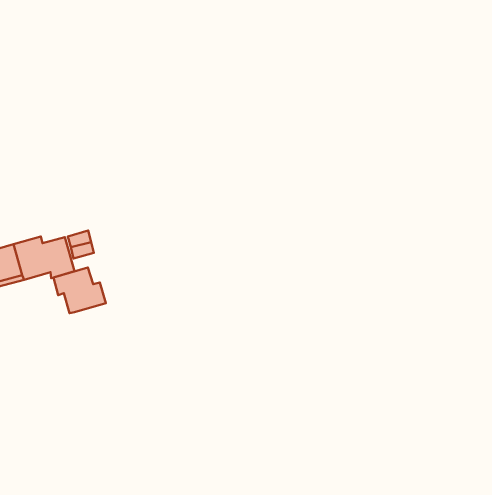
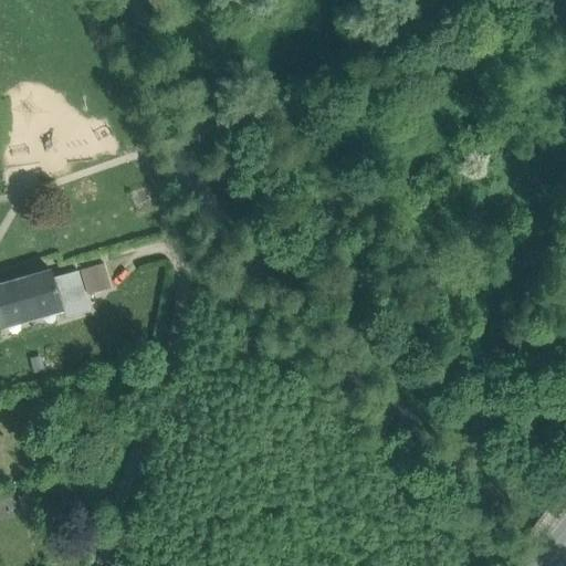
building: [53,268,106,313] -> none

